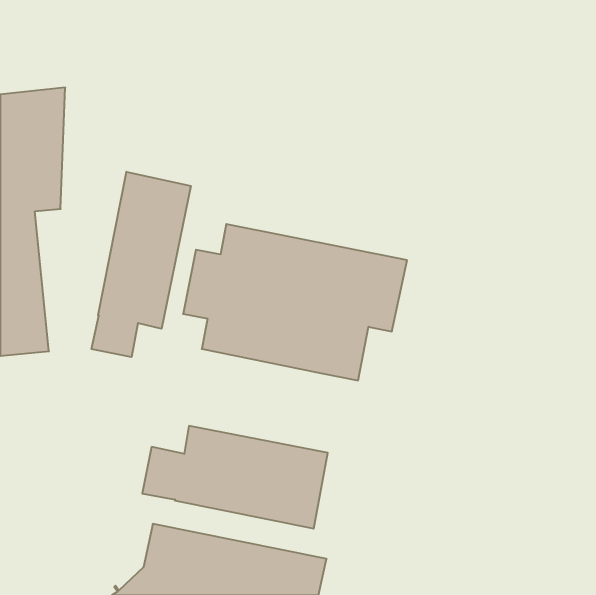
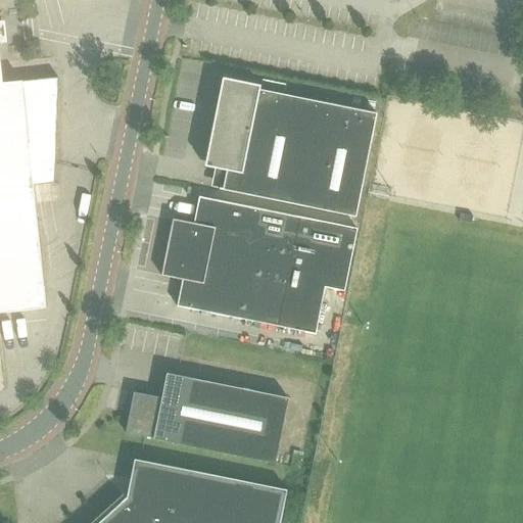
building: none -> [204,78,376,217]
building: [92,172,191,357] -> none

